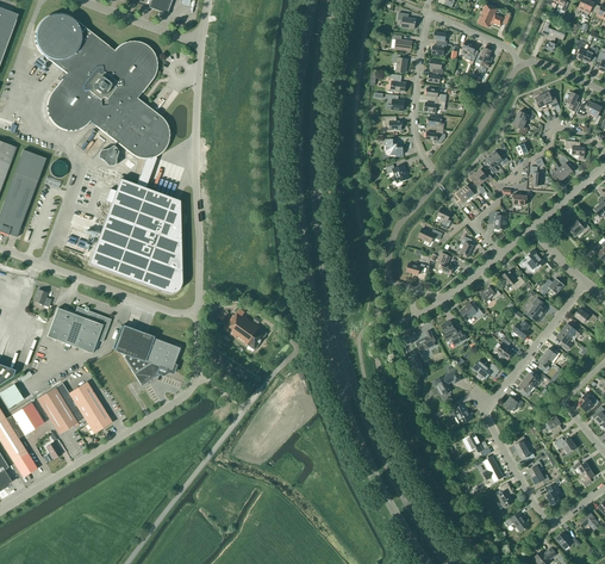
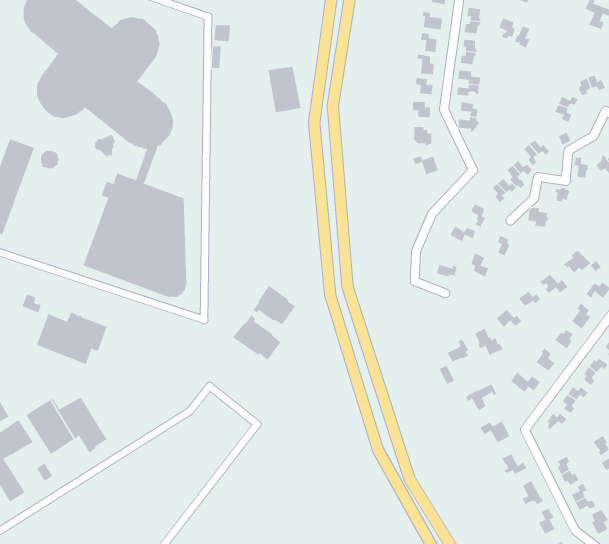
building: none -> [268,66,301,113]
building: none -> [253,285,296,325]
building: [112,326,180,384] -> none

